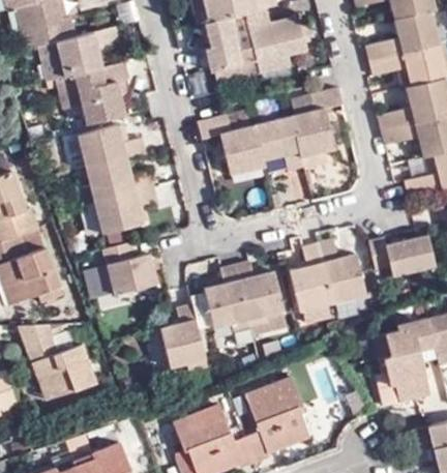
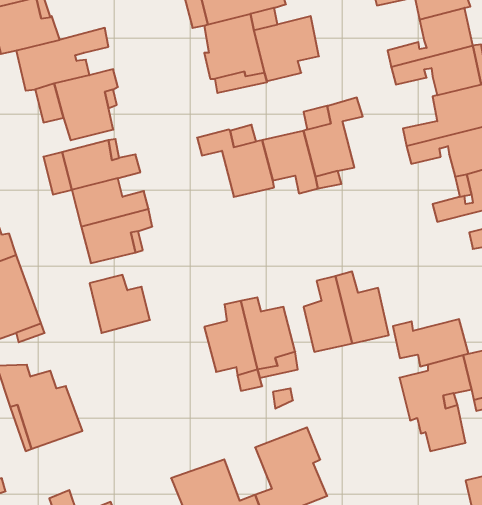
building: [368,237,435,278] -> [393,319,469,366]
building: [162,305,207,373] -> none

